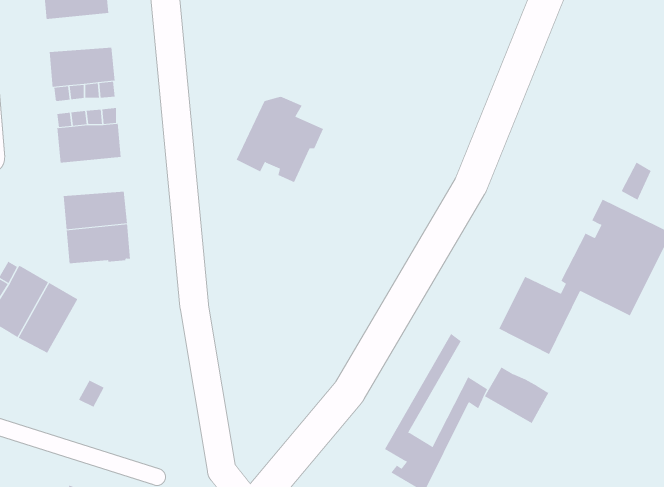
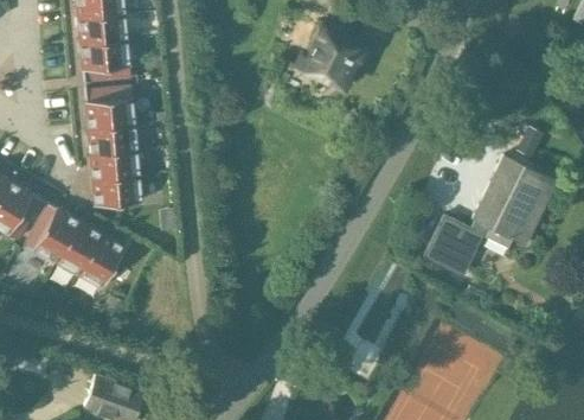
building: none -> [77,13,128,43]
building: [236,96,324,183] -> [299,18,366,84]
building: none -> [88,123,137,153]
building: none -> [78,233,124,288]
building: [484,367,549,424] -> none

